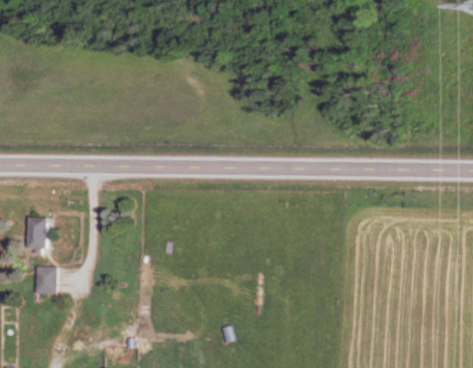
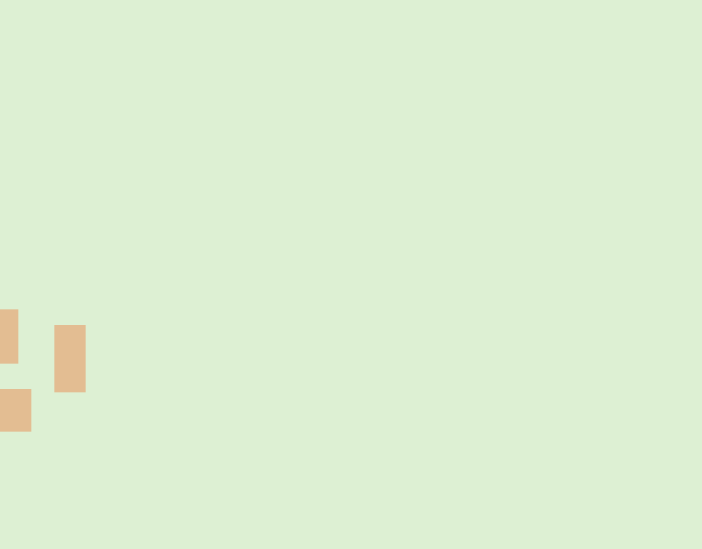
building: none -> [54,324,86,393]

